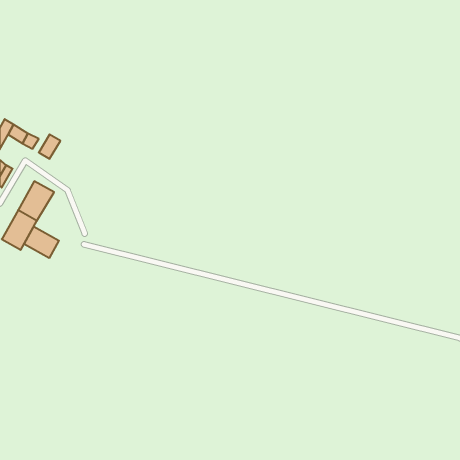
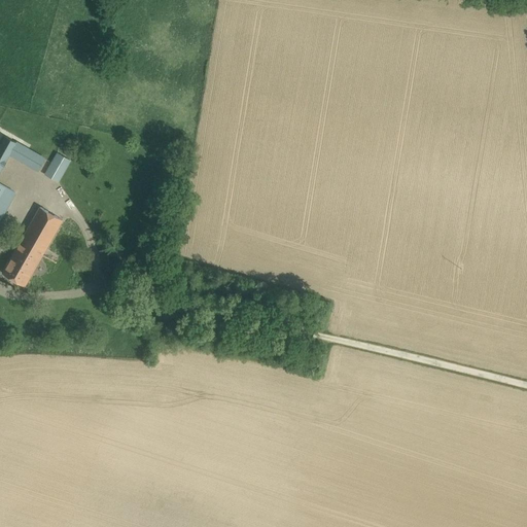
building: [24,227,59,258] -> none

